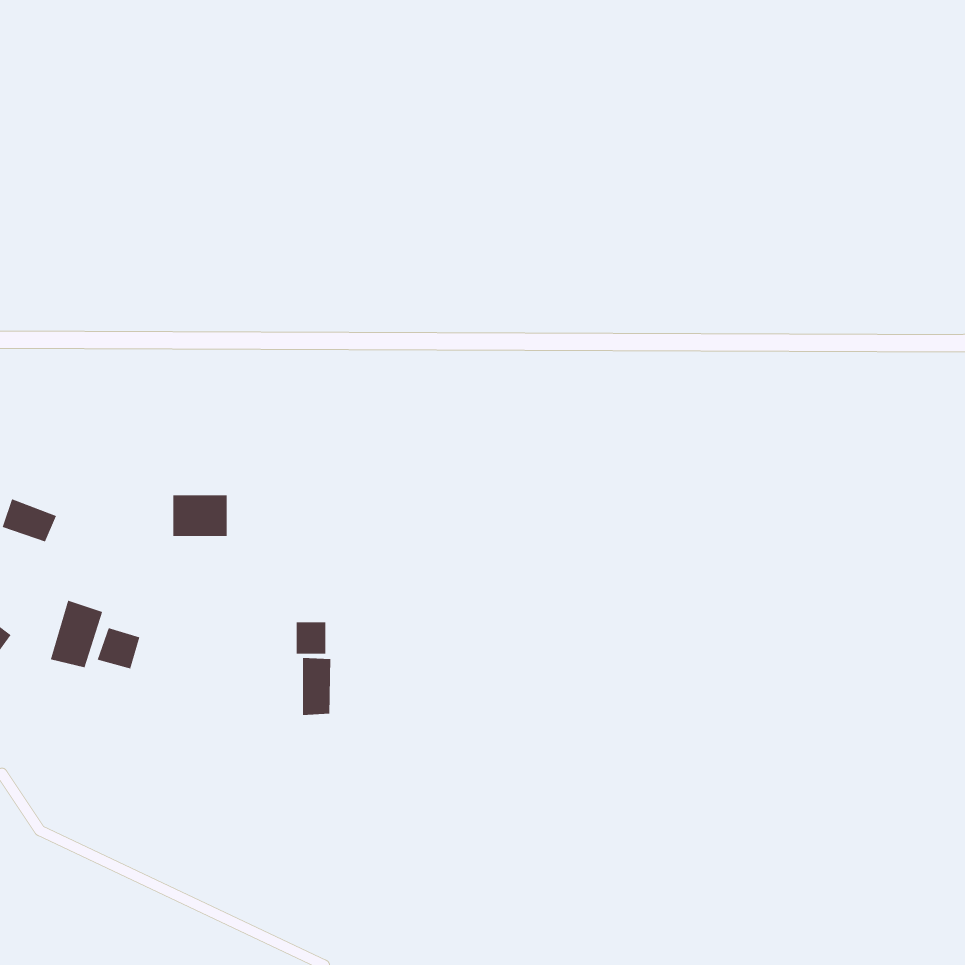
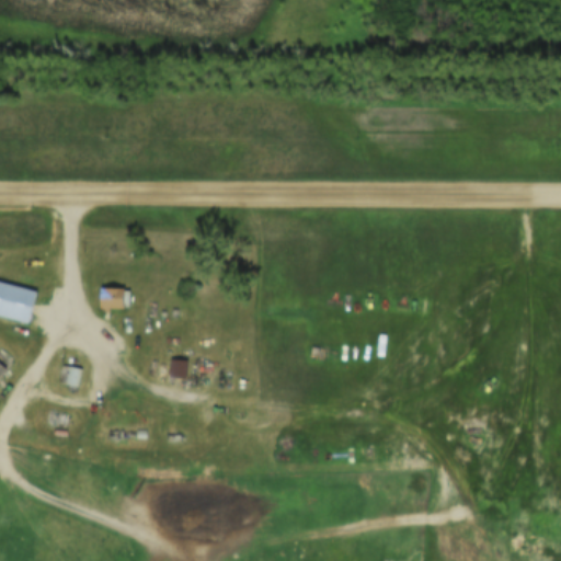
building: [50,600,103,668] -> none
building: [303,657,331,716] -> none

